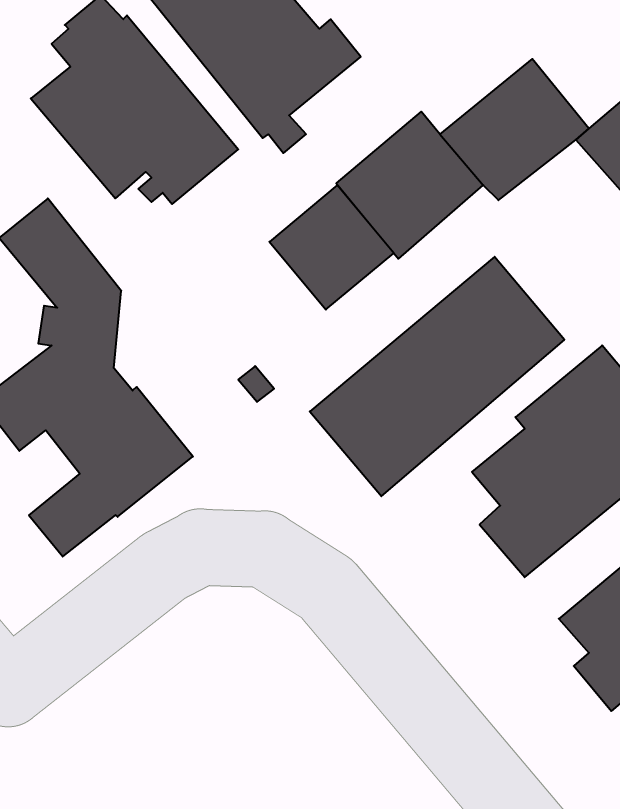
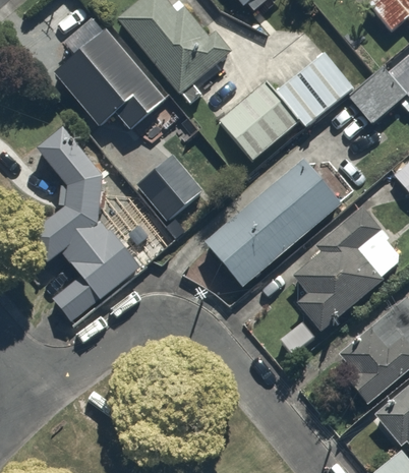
building: [269,185,394,310] -> [136,154,203,221]

